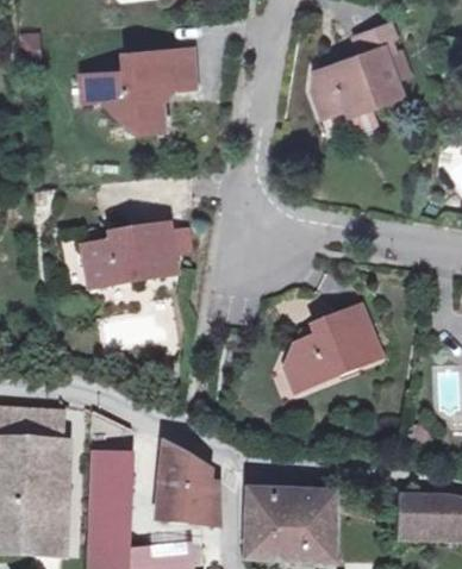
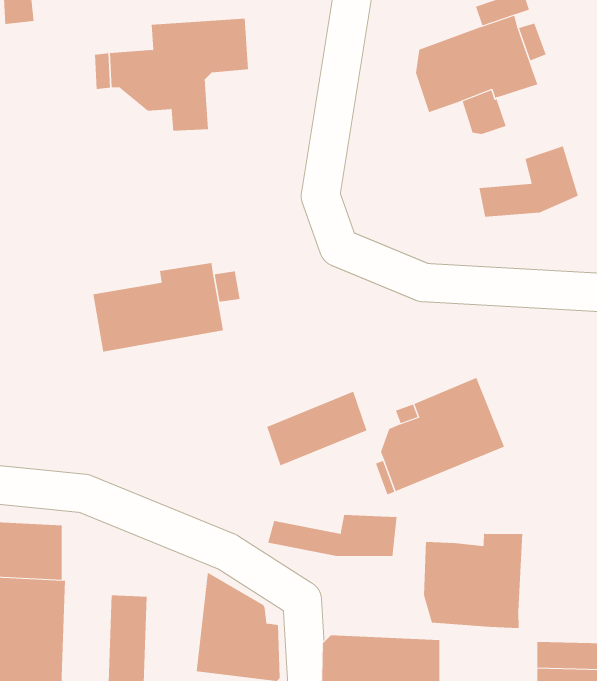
building: none -> [479,145,579,218]
building: none -> [267,391,367,466]
building: none -> [267,514,397,557]
building: none -> [424,532,523,629]

